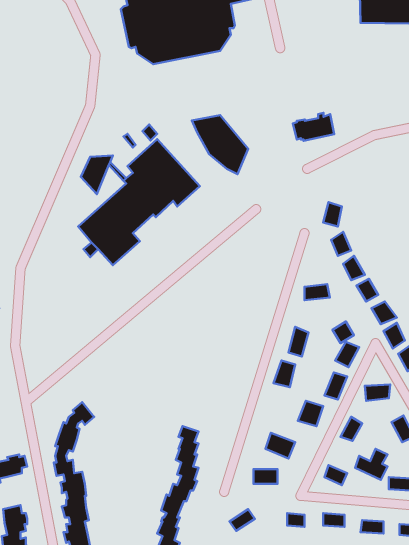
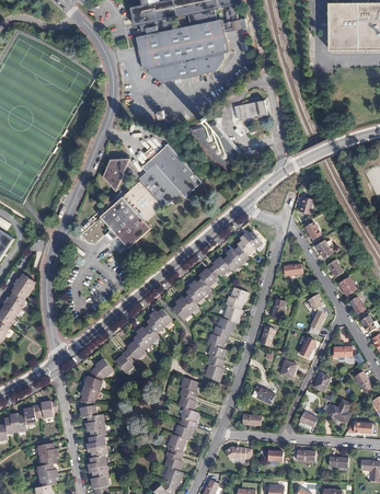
building: [293,113,334,141] -> [234,99,268,122]
building: none -> [172,233,262,322]
building: none -> [204,289,247,383]
building: none -> [117,310,171,376]

